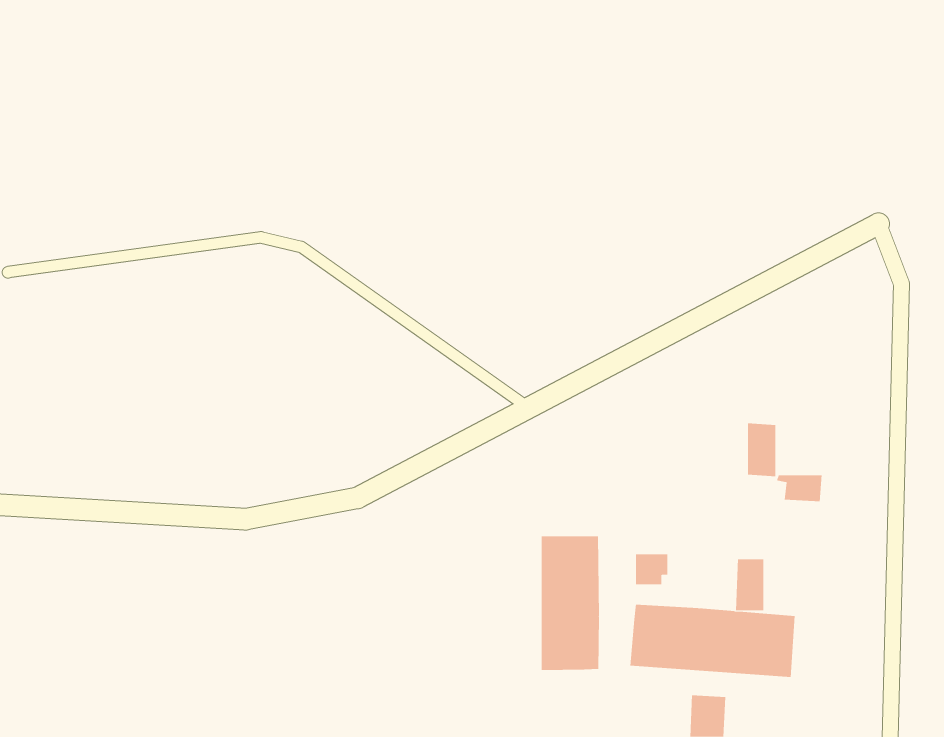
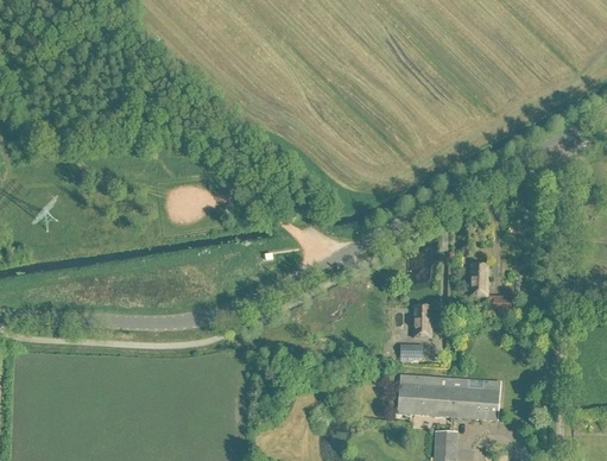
building: [541,535,599,671] -> none
building: [735,559,764,611] -> [412,304,430,336]

